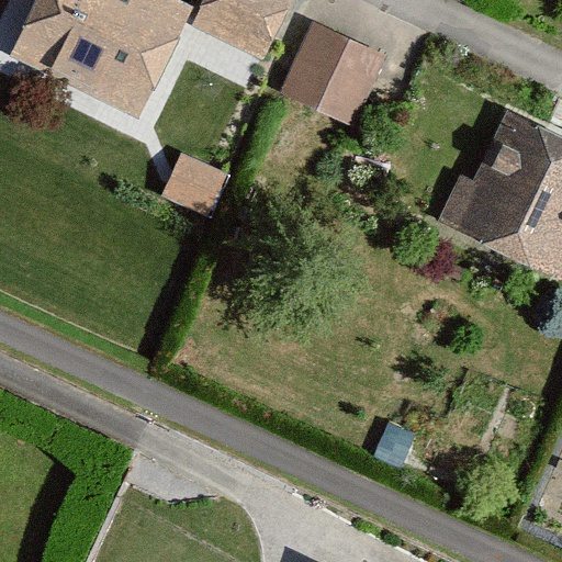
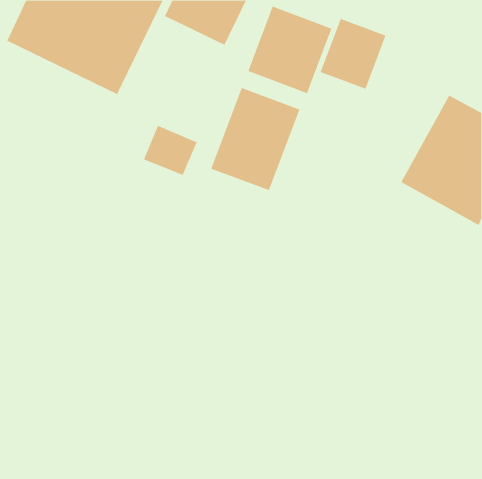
building: none -> [320,18,386,90]
building: none -> [211,87,300,191]

